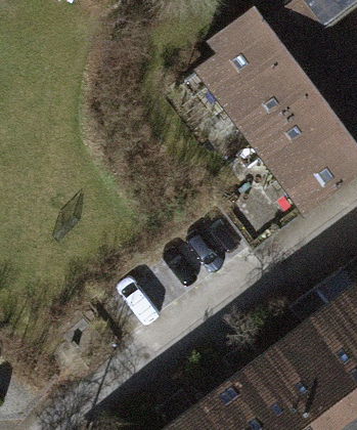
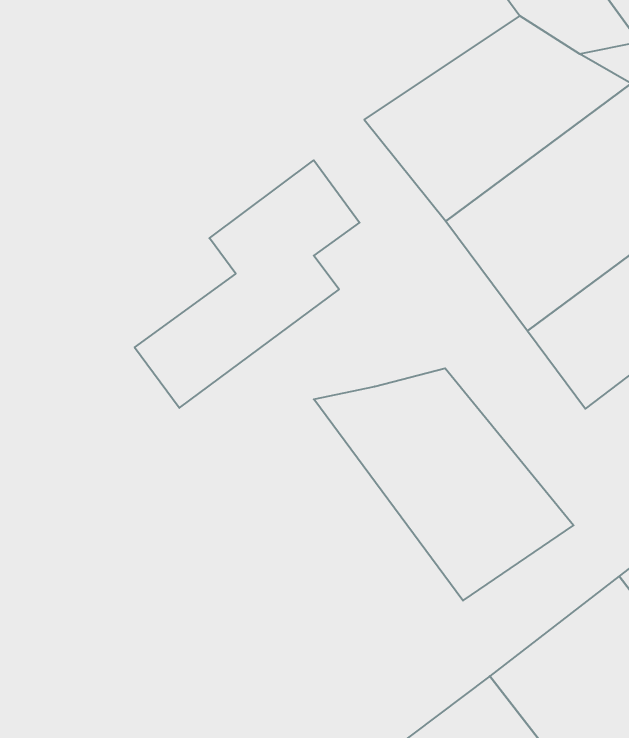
building: none -> [135,160,360,408]
building: none -> [314,368,574,601]

